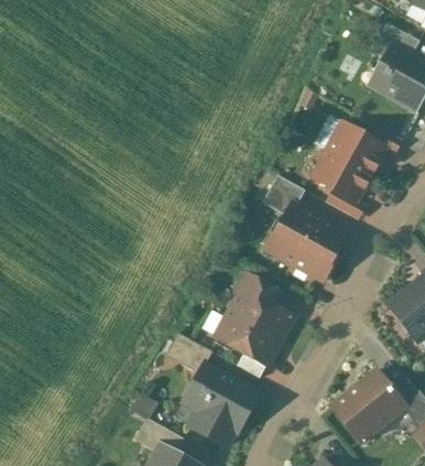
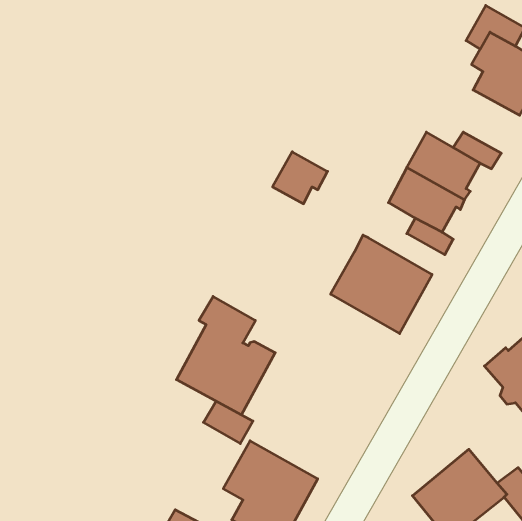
building: [261,176,304,217] -> [273,152,328,204]
building: [215,273,292,366] -> [176,296,275,415]

